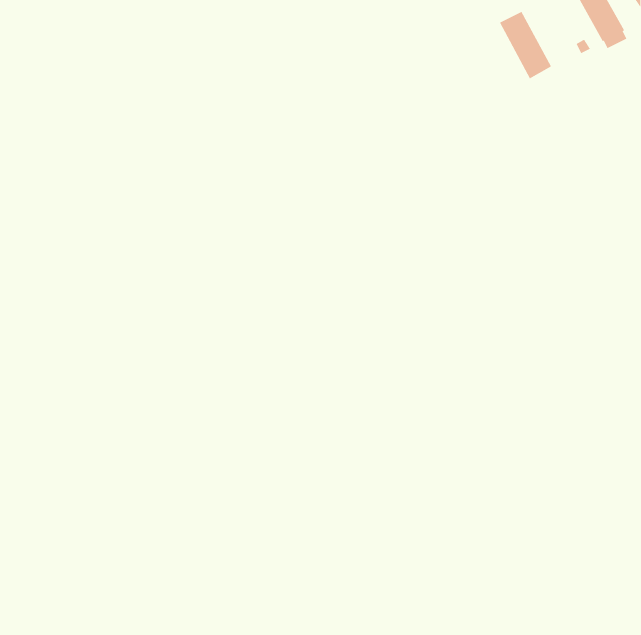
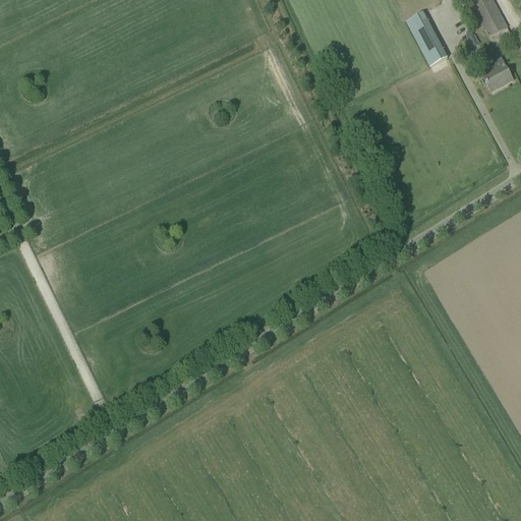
building: none -> [482,61,512,89]

